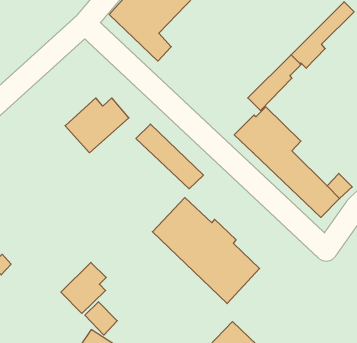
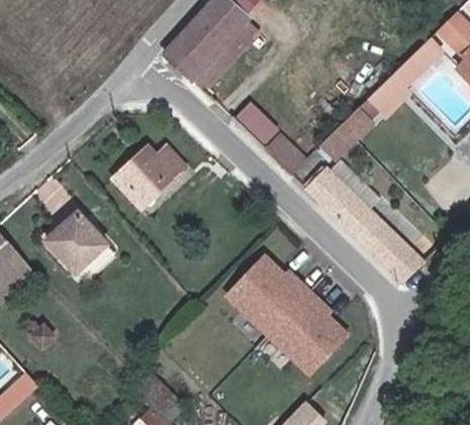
building: [136,124,203,189] -> [230,99,306,172]
building: none -> [49,209,110,272]
building: [61,262,106,313] -> none

